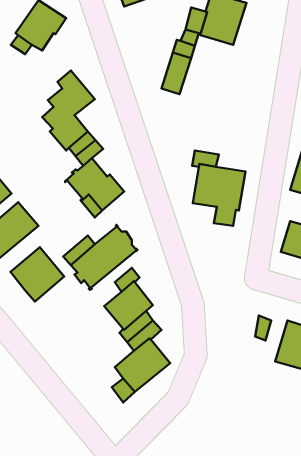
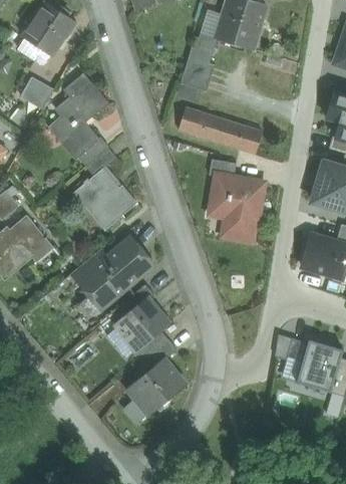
building: none -> [22,77,54,108]
building: none -> [178,108,261,156]
building: [11,247,64,301] -> none

